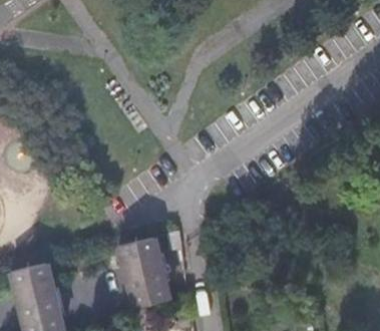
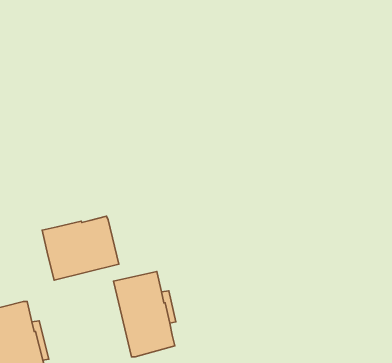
building: none -> [42,216,119,280]

